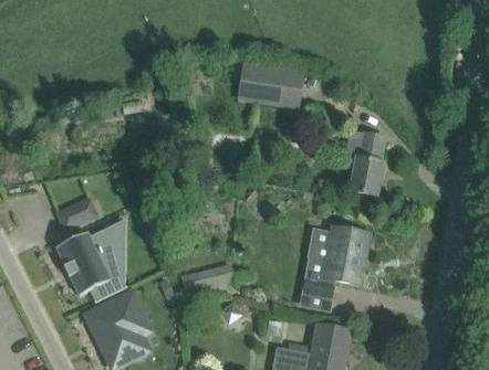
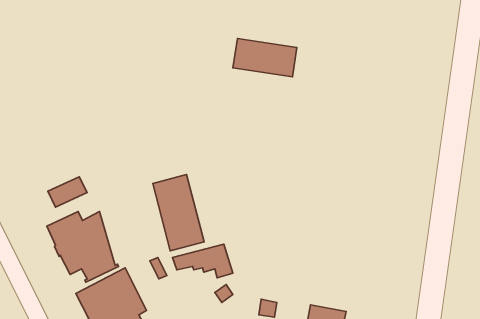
building: [343,129,384,195] -> none
building: none -> [153,175,204,251]
building: [302,226,370,297] -> none

